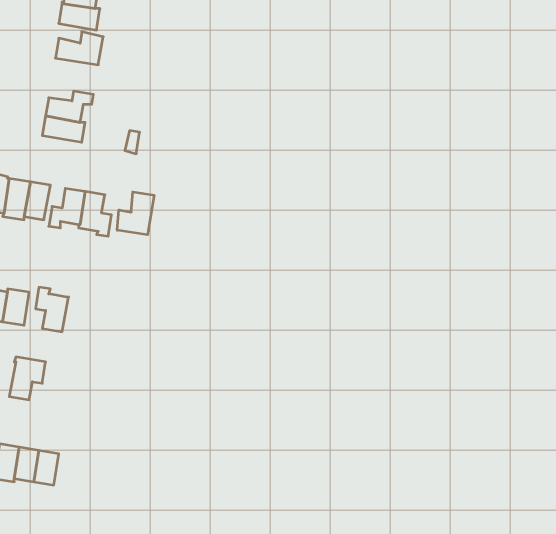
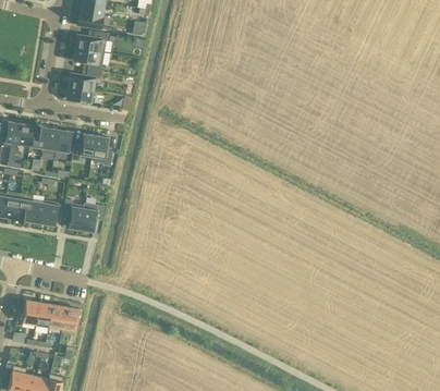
building: none -> [73,48,103,72]
building: [117,192,154,235] -> none
building: [9,357,46,400] -> [80,203,103,231]

